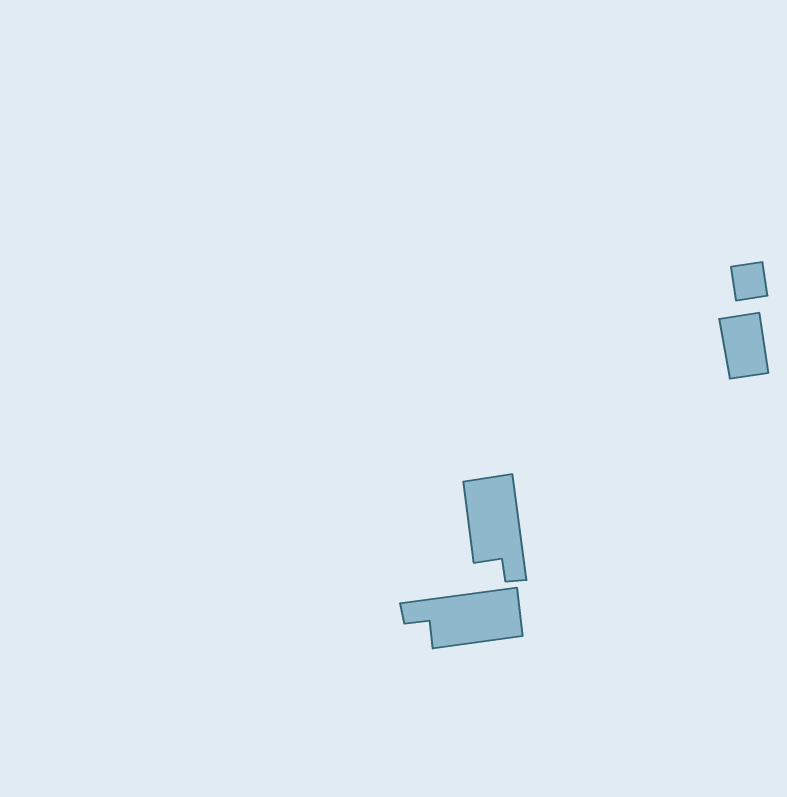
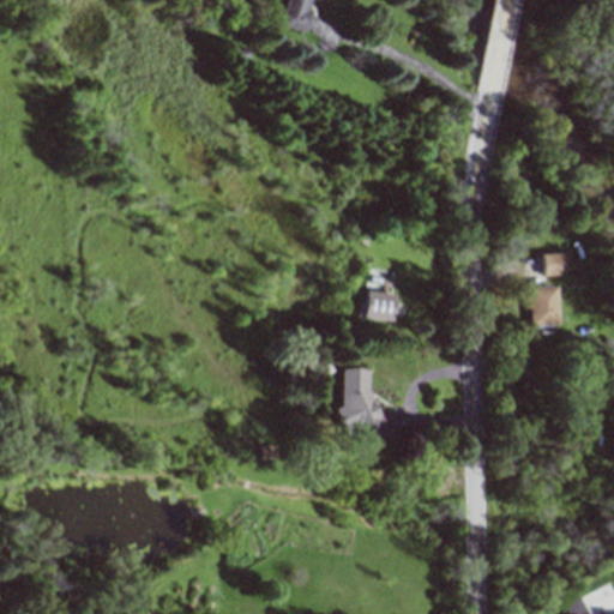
building: none -> [362,293,395,320]
building: [400,588,522,649] -> none

